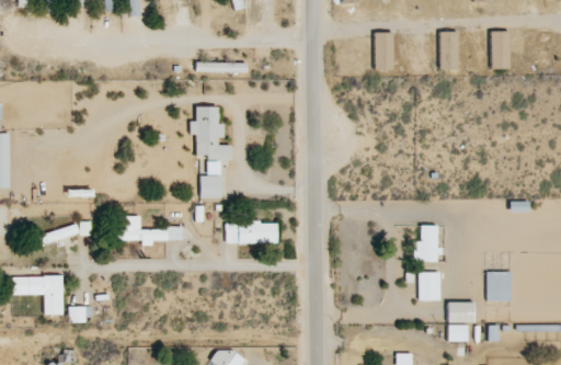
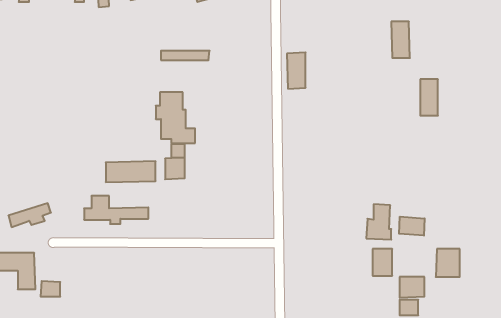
building: [491,31,510,69] -> [420,79,438,116]
building: [374,32,393,70] -> [287,52,306,89]
building: [226,223,278,244] -> [106,161,156,182]
building: none -> [399,217,425,236]

